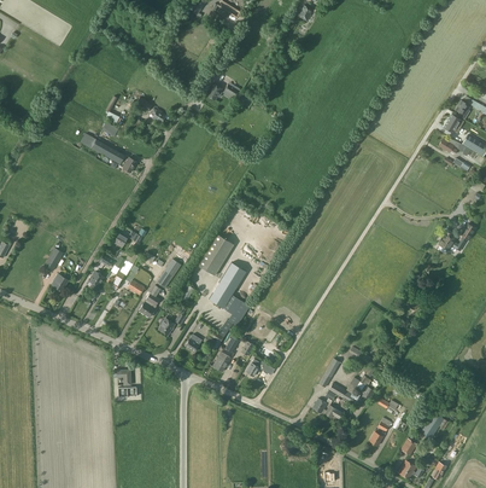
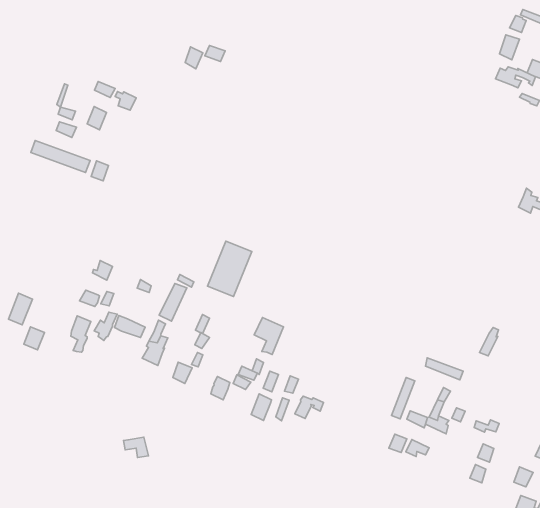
building: [210,261,246,307] -> none

